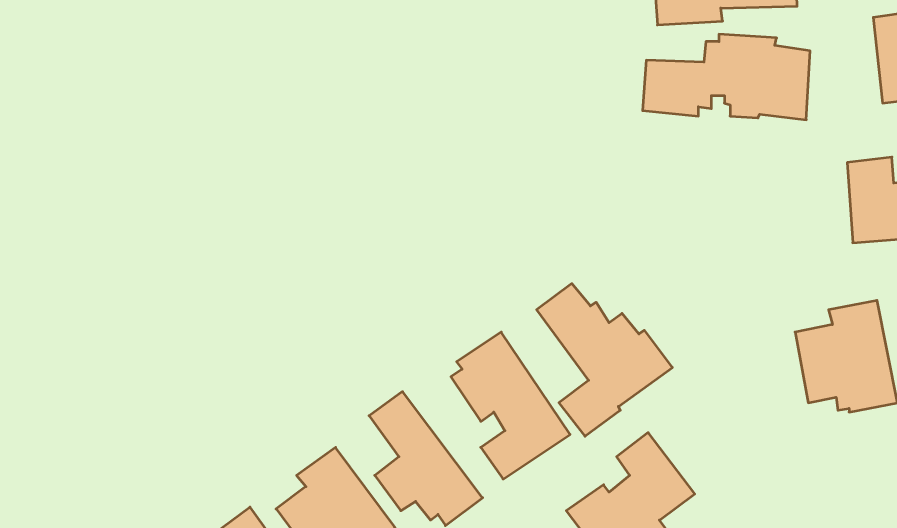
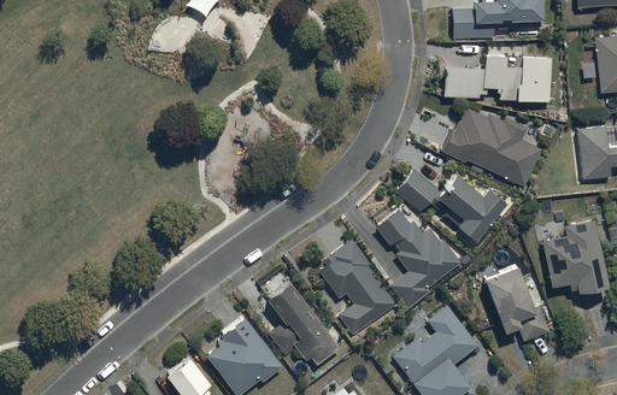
building: none -> [437,107,542,189]
building: none -> [394,169,507,241]
building: none -> [483,263,550,341]

